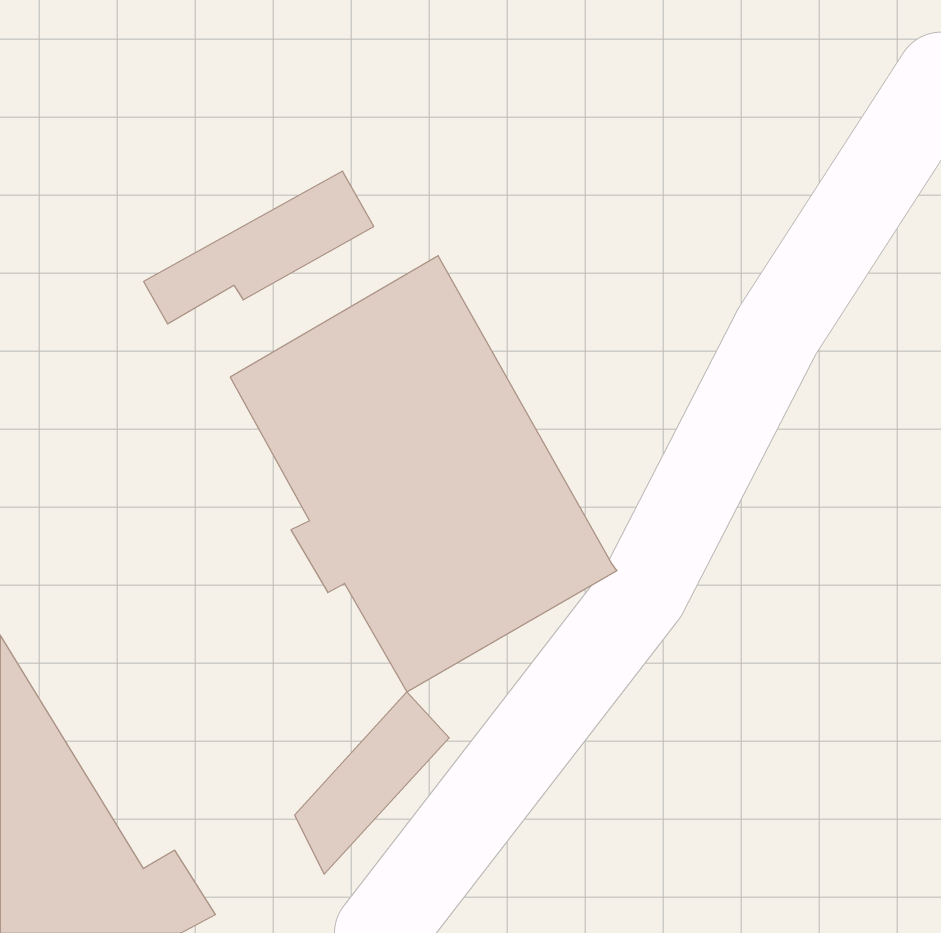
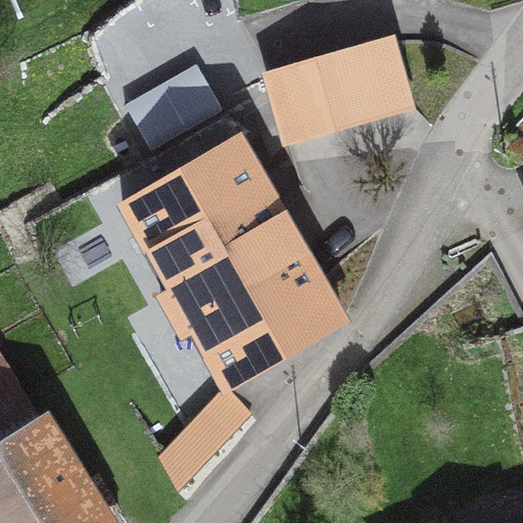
building: none -> [270,37,411,136]

